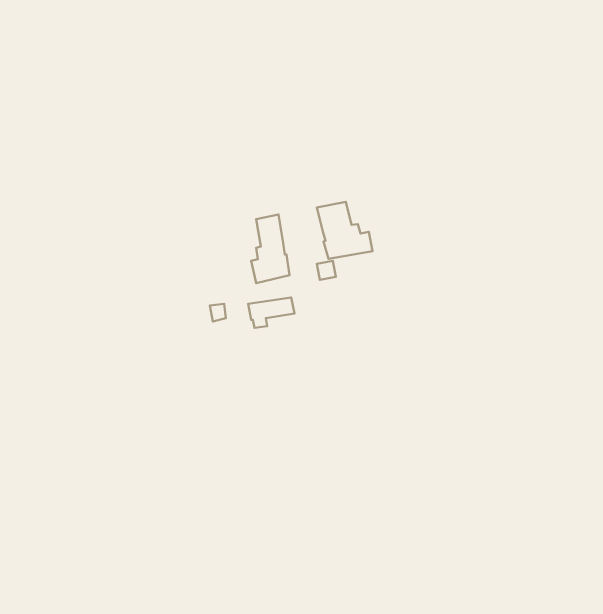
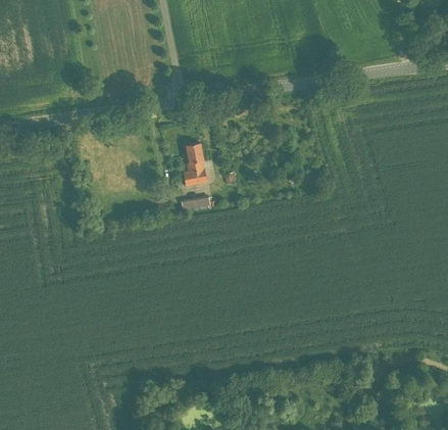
building: [317,202,372,259] -> none

